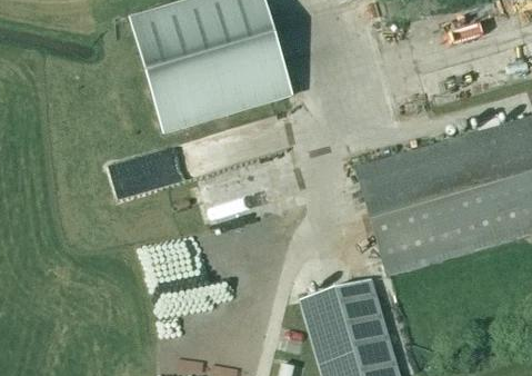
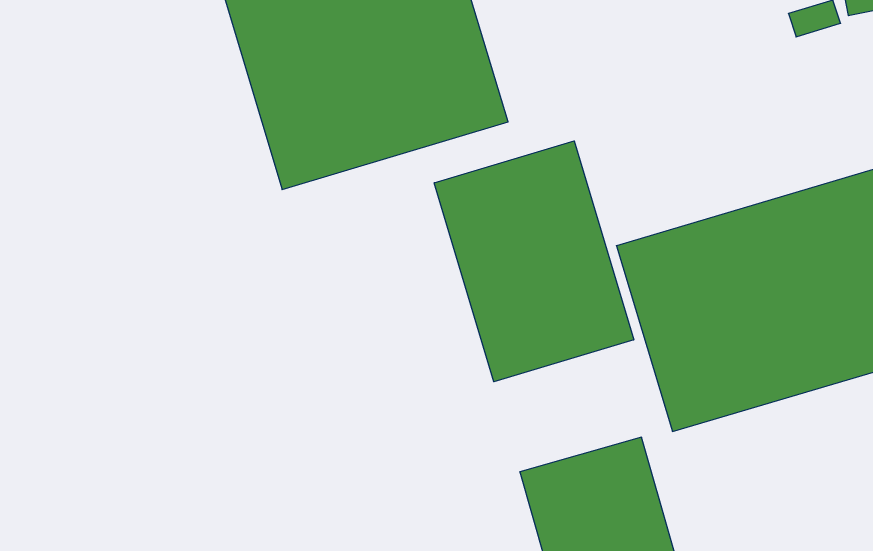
building: none -> [434,141,634,382]

